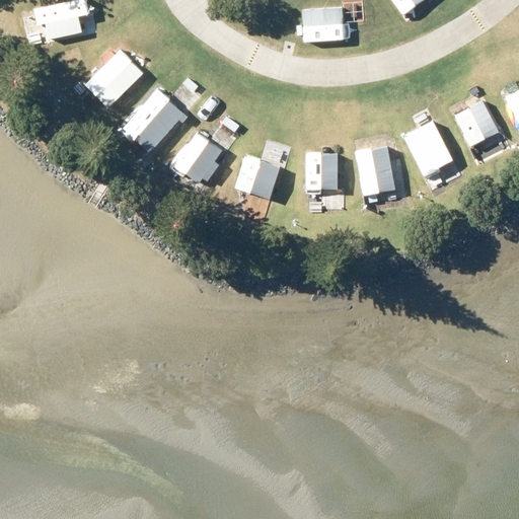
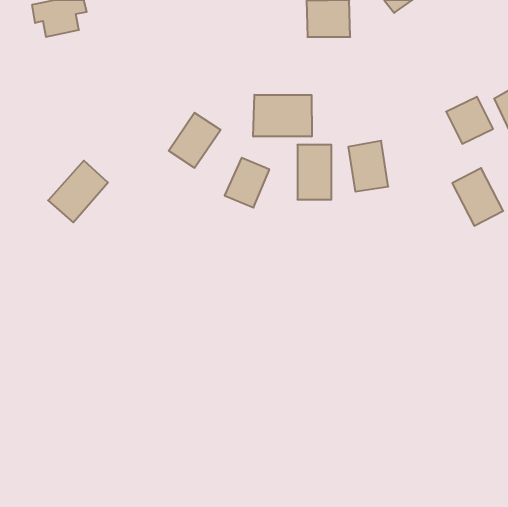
building: [85,50,145,109] -> none
building: [122,89,182,152] -> [48,161,108,222]
building: none -> [253,95,312,137]
building: [403,122,455,180] -> [452,168,503,226]

